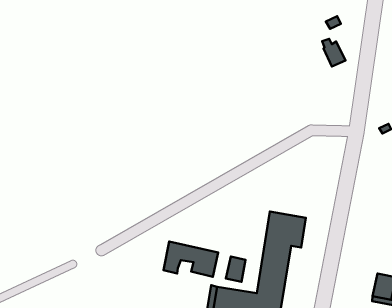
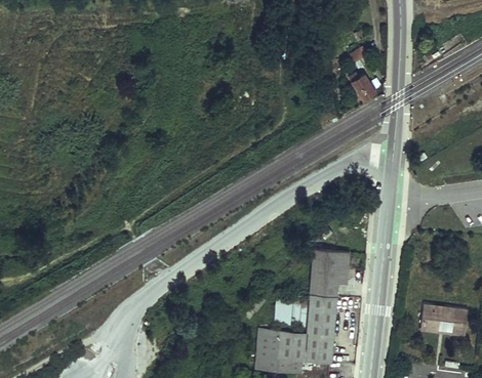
building: [164,241,218,277] -> none

